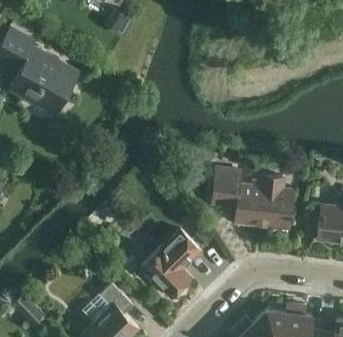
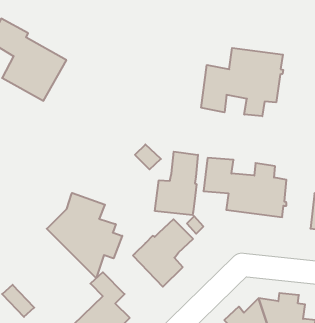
building: none -> [201,48,283,116]
building: none -> [155,152,198,215]
building: none -> [47,193,122,278]

